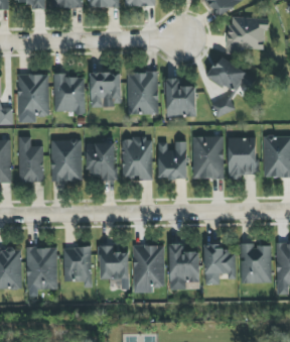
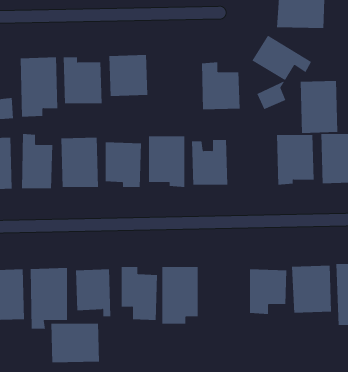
building: [126,72,158,114] -> none
building: [191,135,223,179] -> [300,80,338,133]
building: [168,244,200,290] -> none
building: none -> [51,323,99,363]

